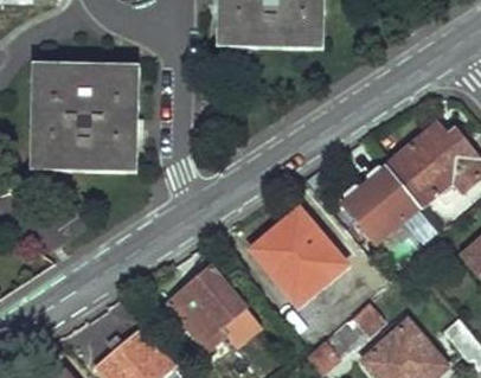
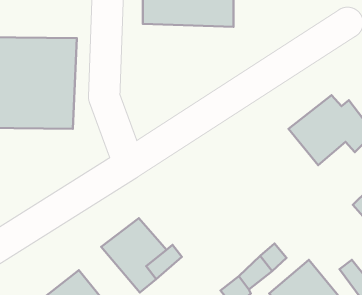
building: [342,166,421,245] -> none
building: [250,211,345,302] -> none

